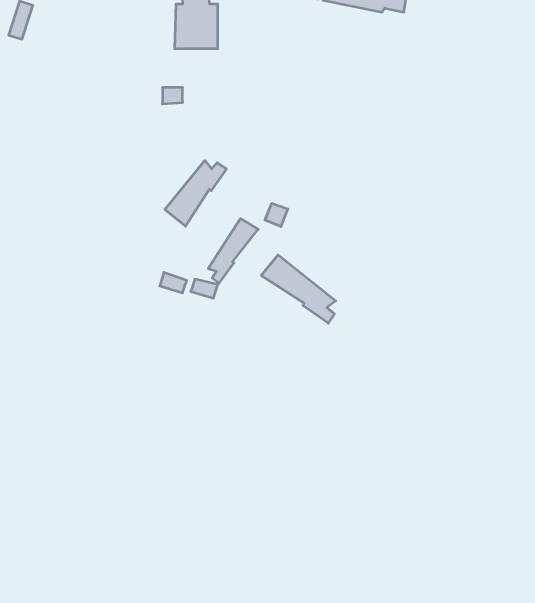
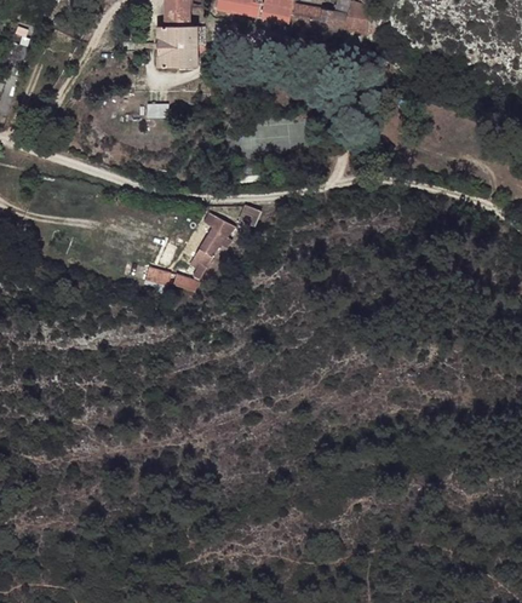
building: [165,161,226,226] -> none
building: [261,255,336,323] -> none

